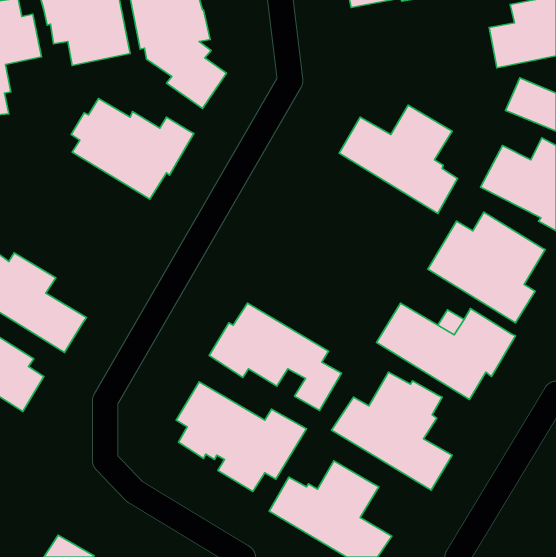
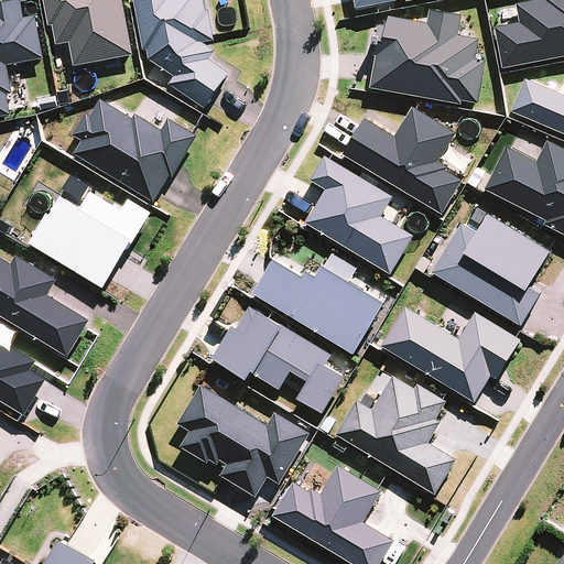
building: none -> [368,10,485,104]
building: none -> [304,155,412,273]
building: none -> [28,192,149,288]
building: none -> [251,259,383,354]

